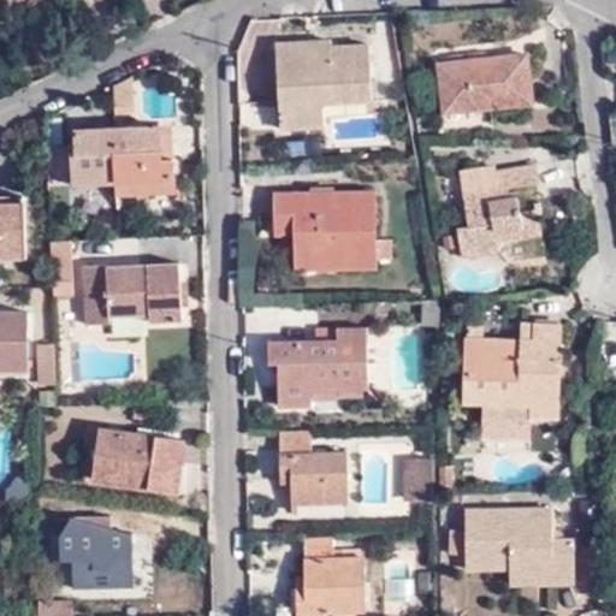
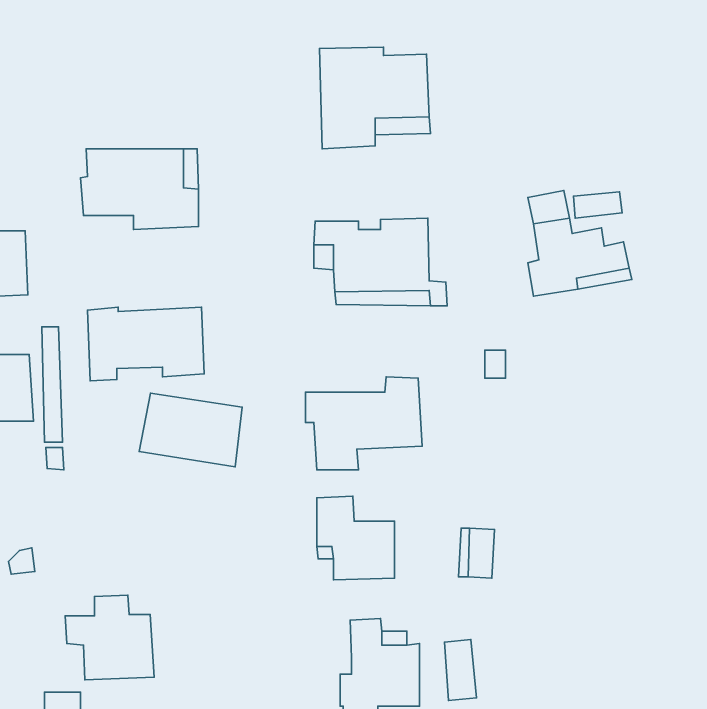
building: [442,57,533,113] -> none
building: [462,330,558,420] -> none
building: [94,427,183,491] -> [139,393,242,467]
building: [469,519,579,590] -> none

